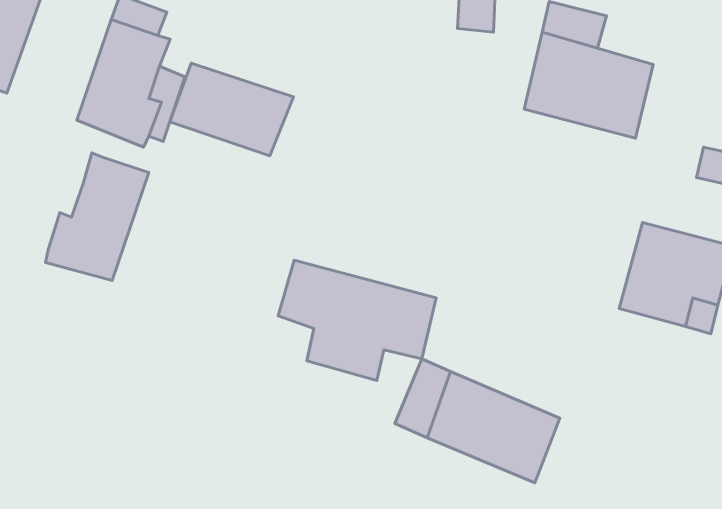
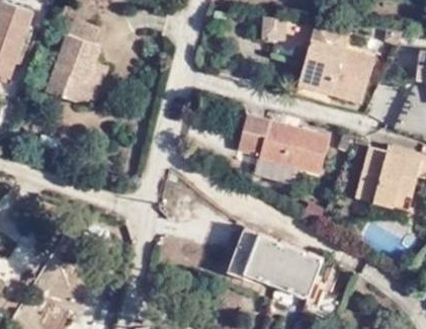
building: [170,63,293,156] -> none
building: [45,153,149,280] -> none
building: [278,260,436,381] -> [235,118,324,186]

